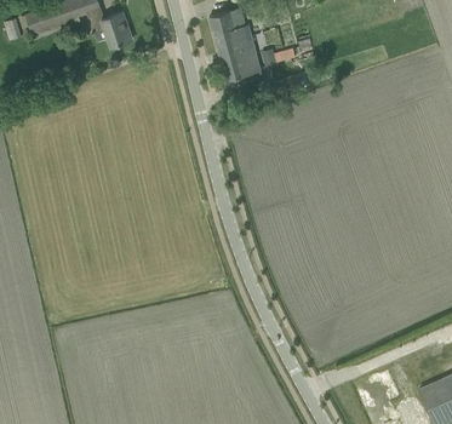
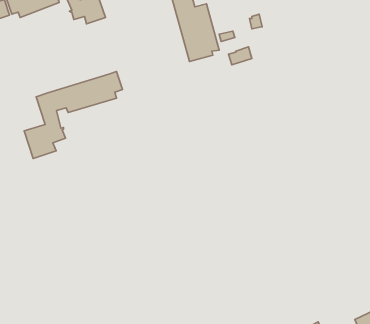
building: none -> [24,72,123,158]

